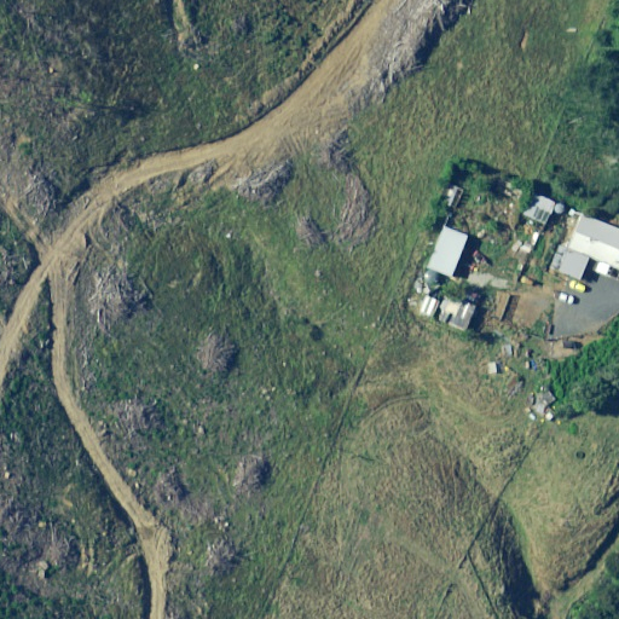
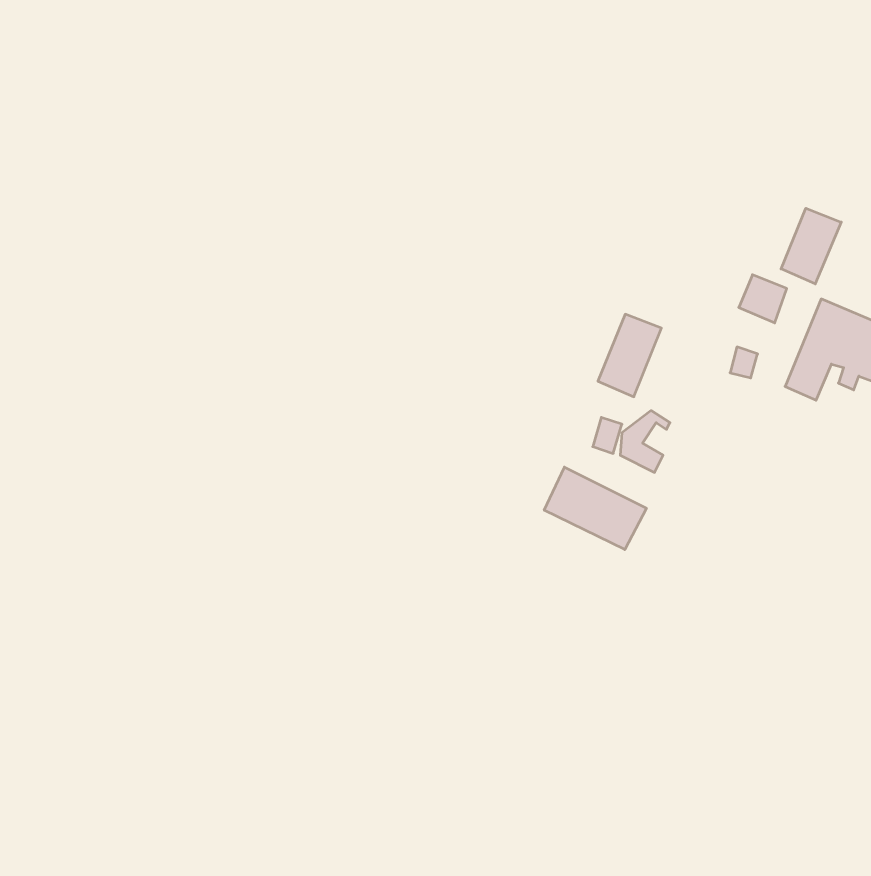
building: none -> [781,208,841,284]
building: none -> [544,467,646,550]

